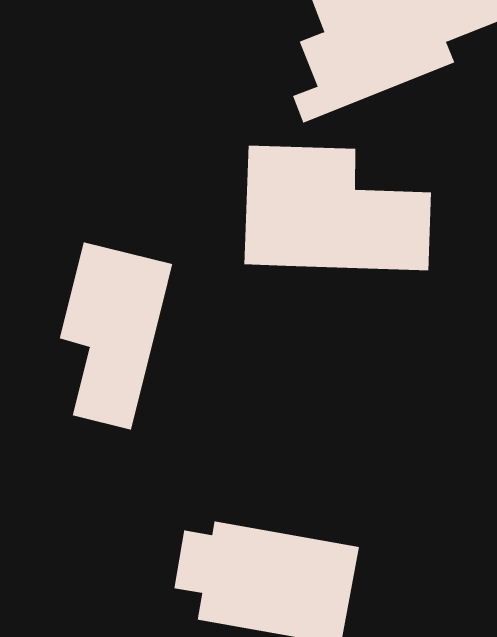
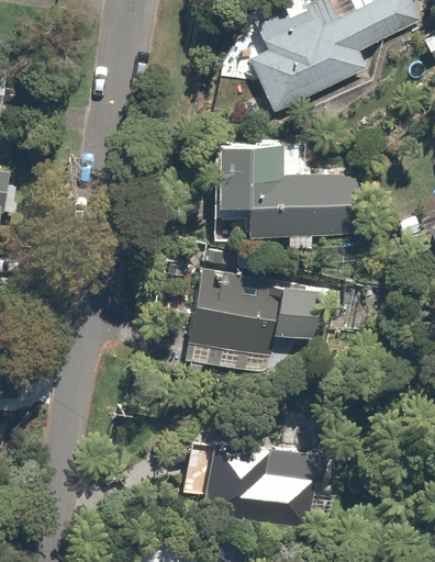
building: [59,241,173,430] -> none
building: none -> [183,267,335,375]

